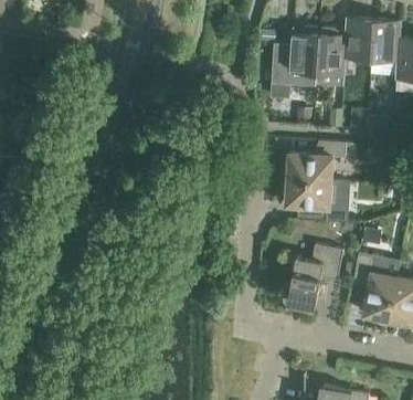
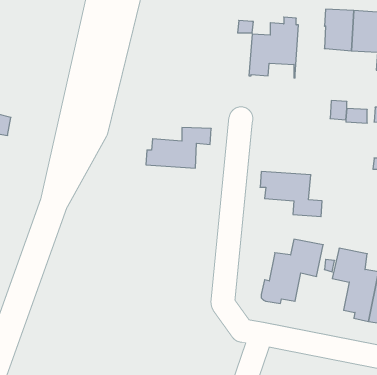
building: [316,29,346,85] -> none
building: [283,141,347,181] -> [146,128,211,168]

